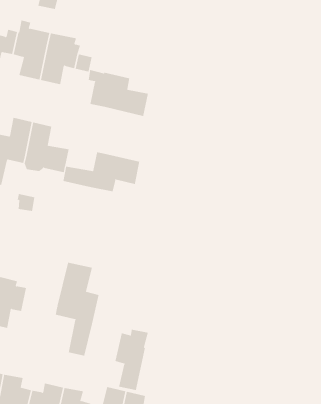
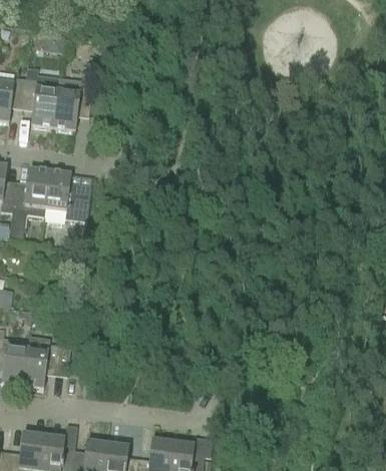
building: [88,69,149,117] -> none
building: [63,152,140,192] -> none
building: [55,262,99,356] -> none
building: [115,329,148,391] -> none

